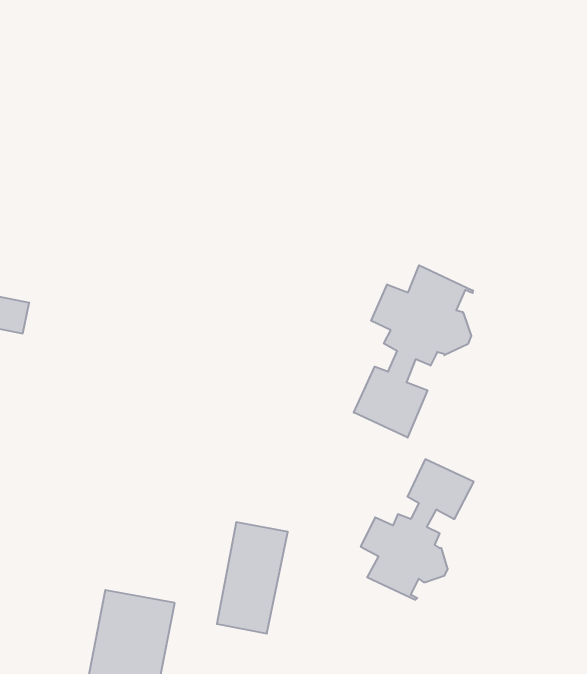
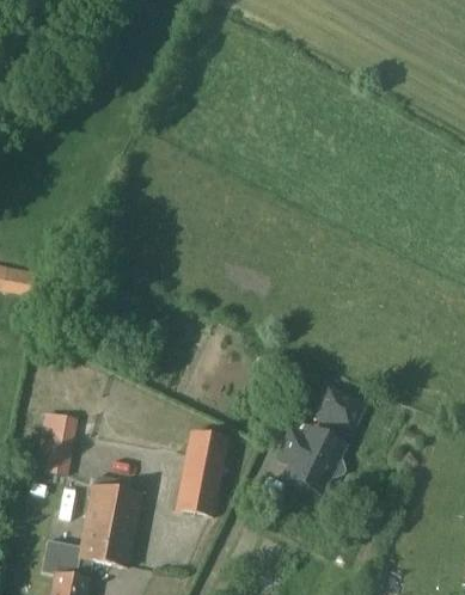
building: [354,265,473,438] -> none
building: none -> [33,415,78,472]

